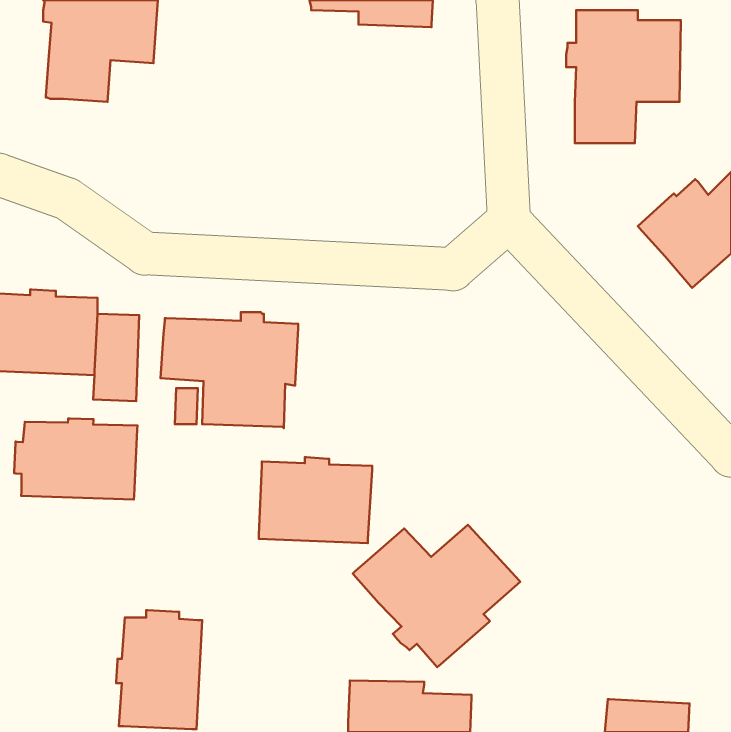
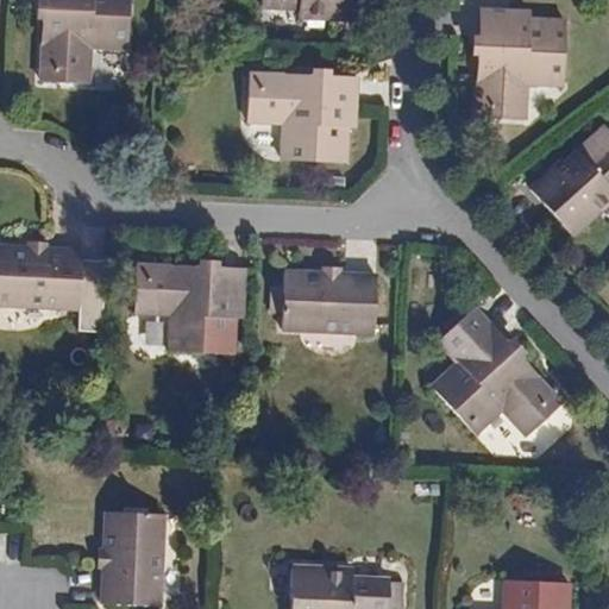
building: none -> [246,68,360,164]
building: none -> [429,307,563,439]
building: [14,418,138,500] -> none
building: [259,457,372,543] -> [282,264,376,335]
building: [353,525,520,667] -> none

